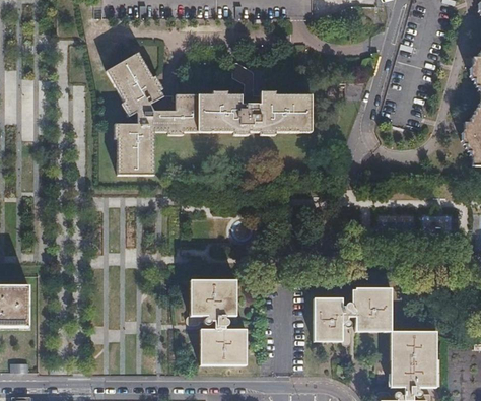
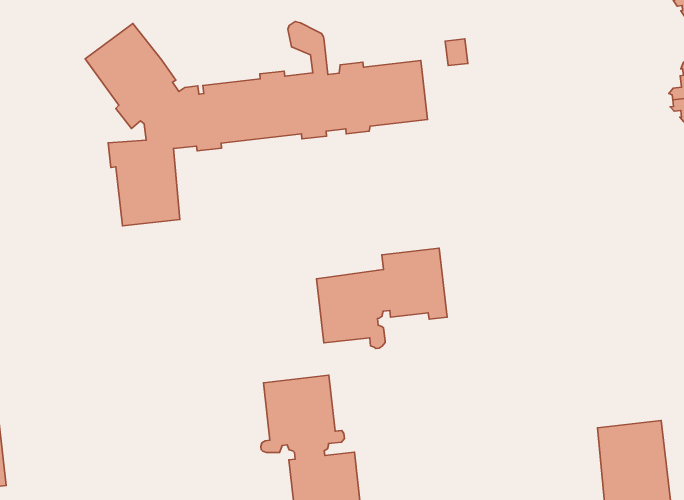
building: [314,288,391,345] -> [317,248,447,349]

